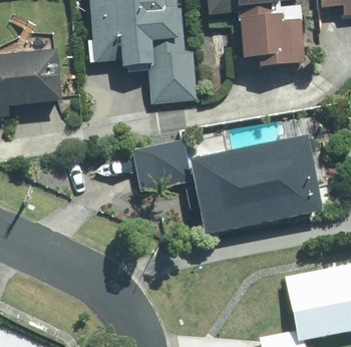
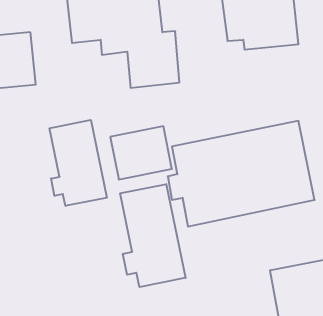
building: none -> [49,120,107,206]
building: none -> [120,184,186,287]

